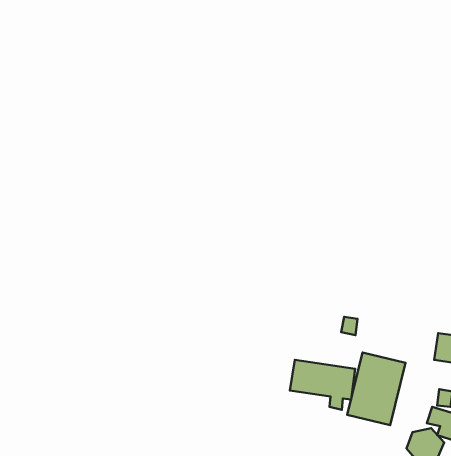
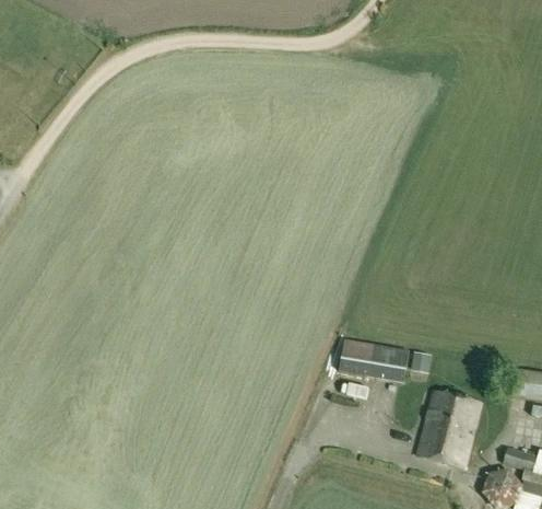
building: [290,360,355,410] -> [338,338,408,392]

